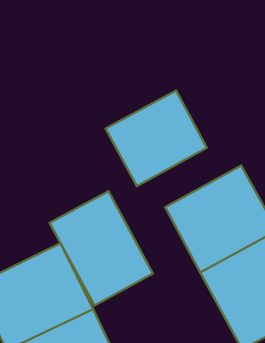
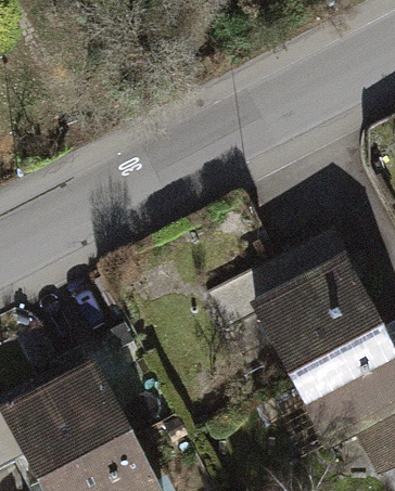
building: [105,90,207,186] -> none
building: [50,191,153,306] -> none

